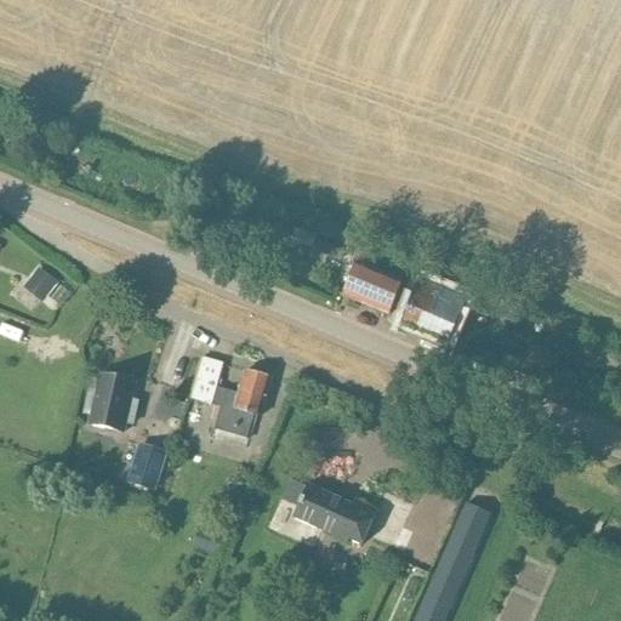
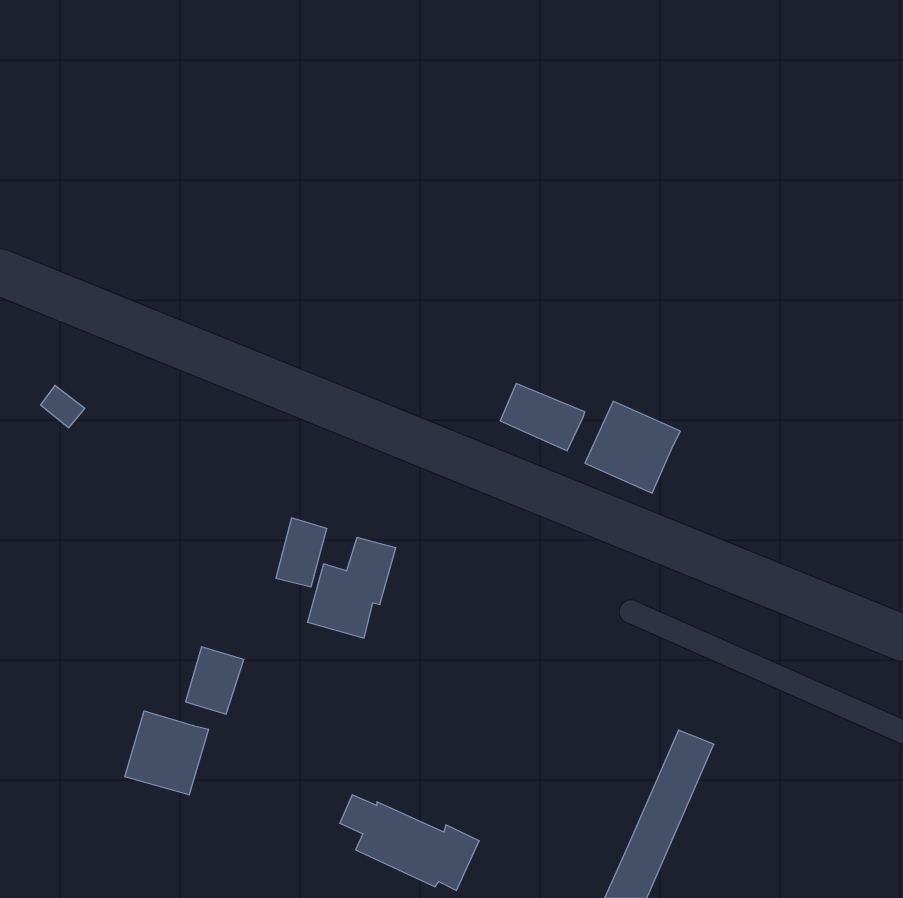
building: [85,372,137,431] -> none
building: [281,478,377,543] -> [340,795,479,890]
building: none -> [125,711,208,795]

